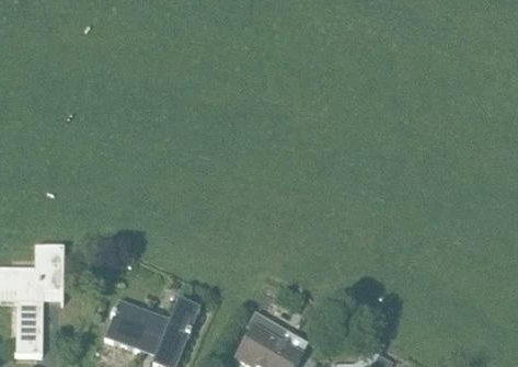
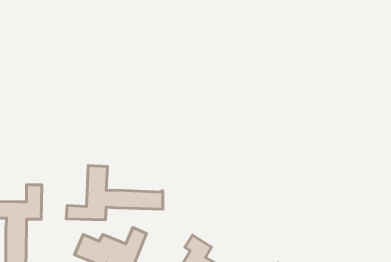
building: none -> [66,166,163,220]

